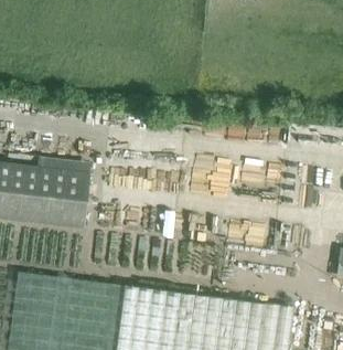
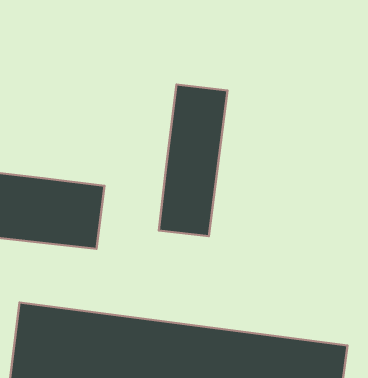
building: none -> [159,84,228,236]

